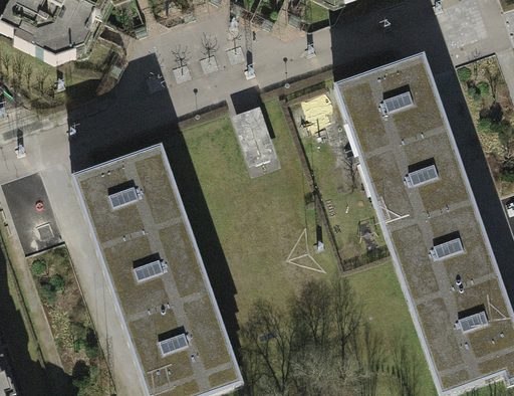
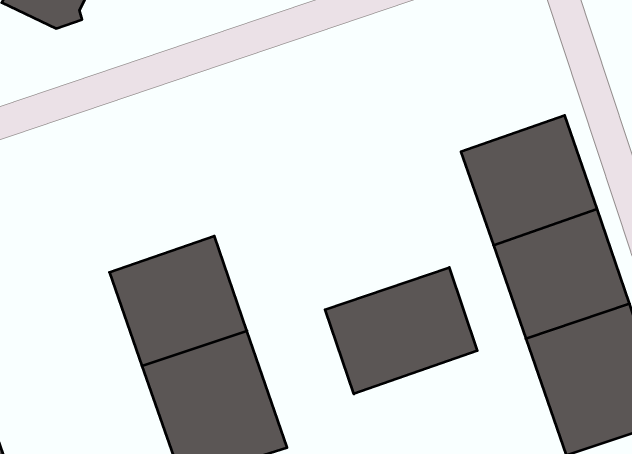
building: [342,51,449,154] -> none
building: [71,145,178,247] -> none
building: none -> [325,267,477,394]

